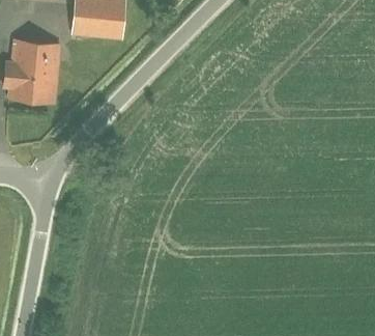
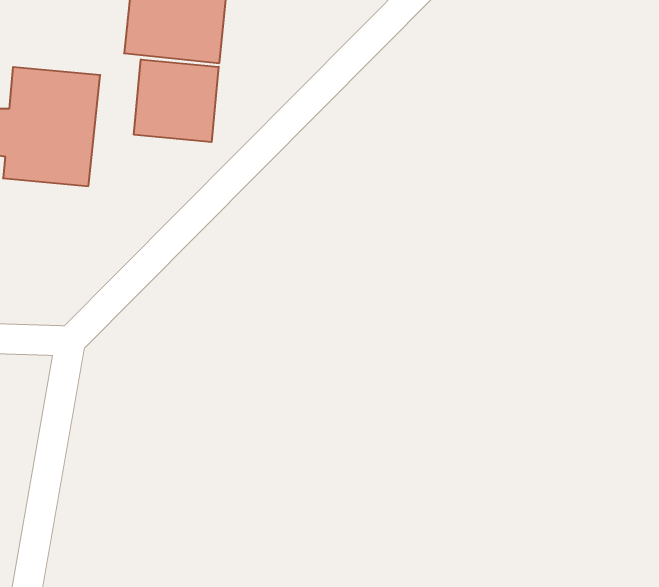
building: none -> [134,59,219,142]

